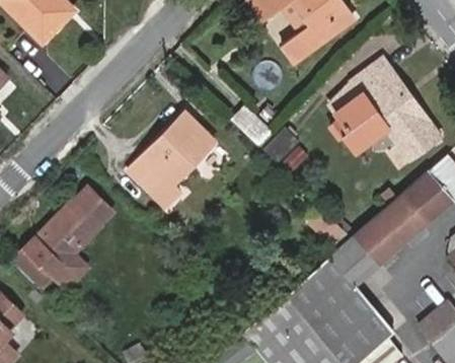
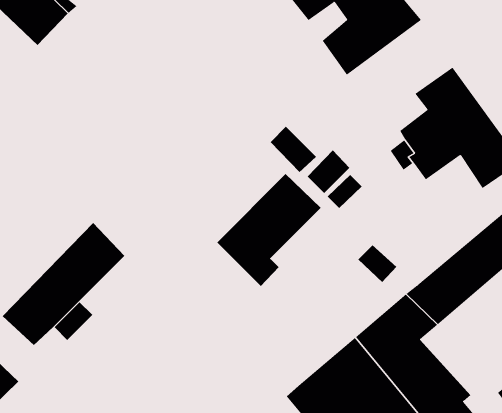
building: [128,114,214,207] -> [216,173,321,287]

